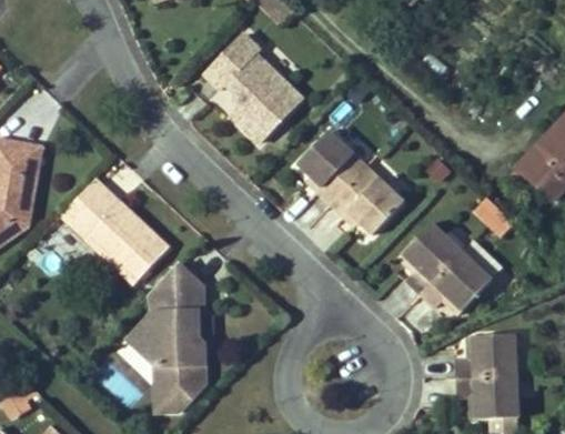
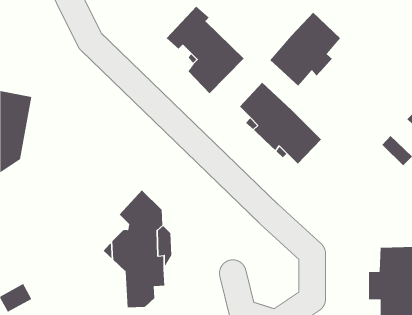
building: none -> [269,12,341,87]
building: [61,178,168,284] -> none
building: [401,223,492,314] -> none

